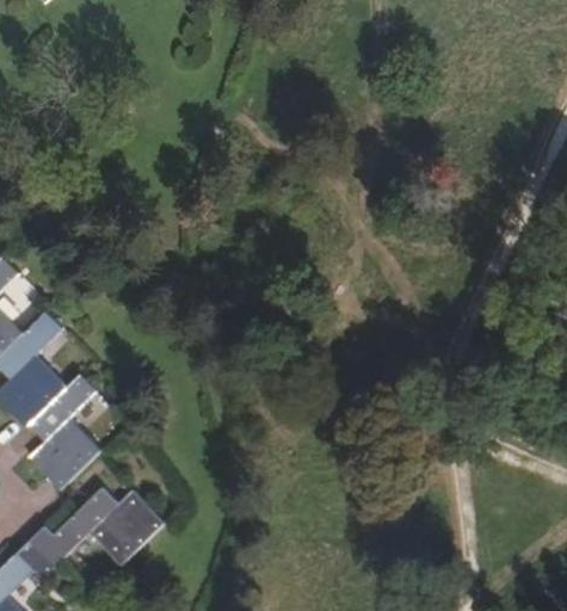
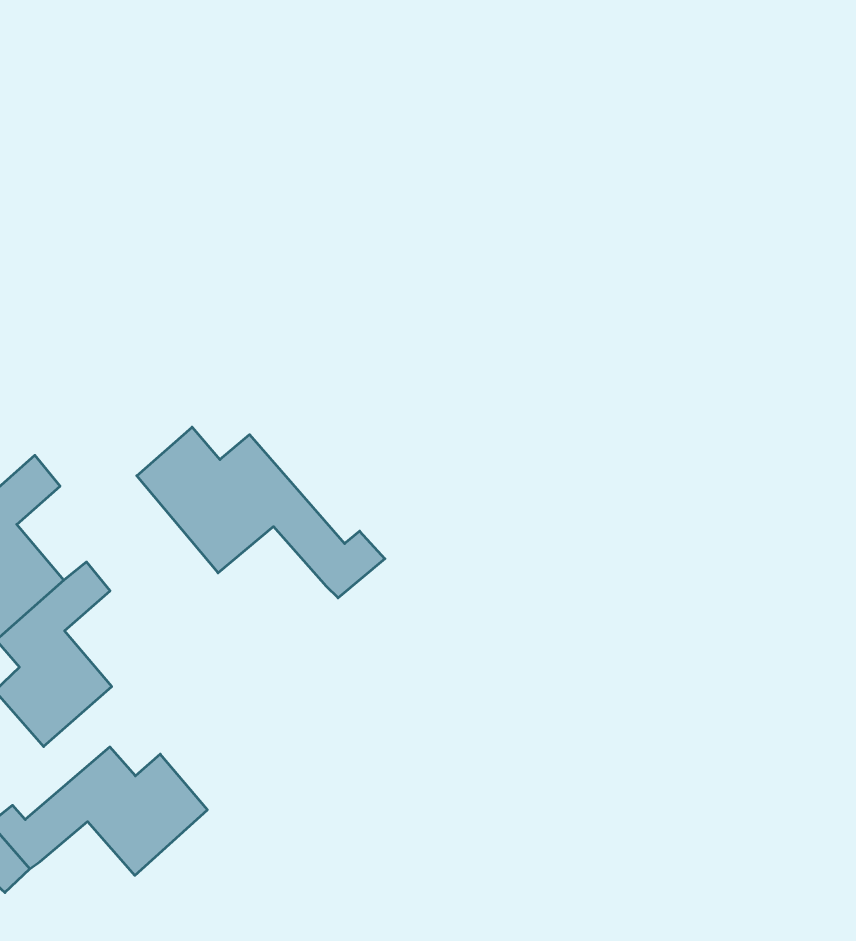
building: none -> [137,427,385,598]

